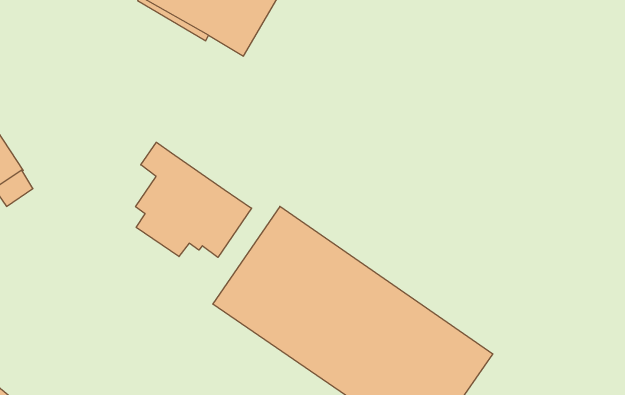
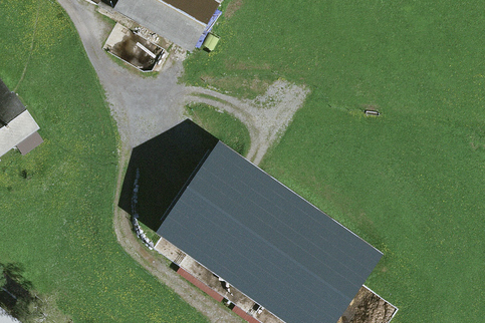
building: [136,142,252,257] -> none

